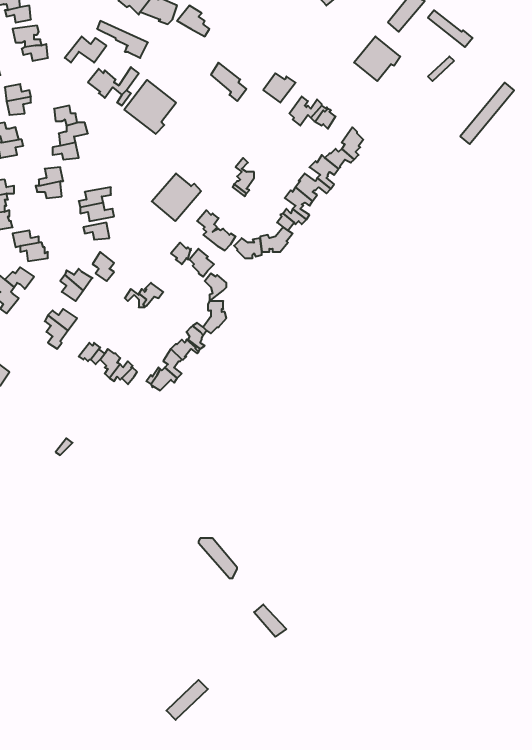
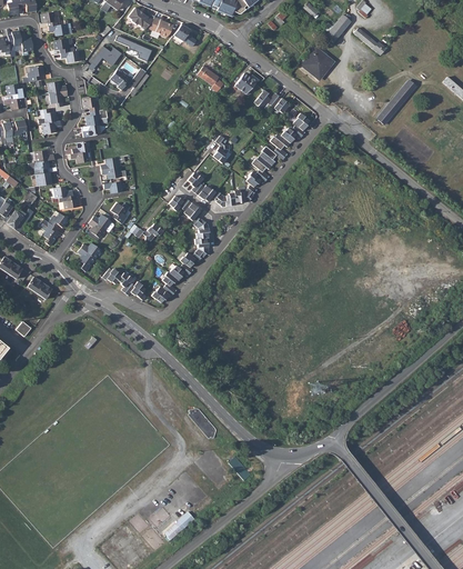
building: [124,80,176,134] -> none
building: [152,173,201,221] -> none

